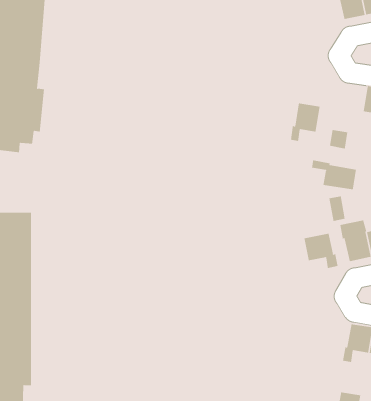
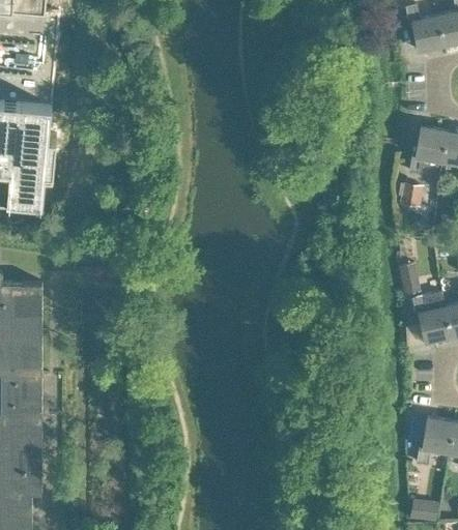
building: [290,103,320,142] -> [409,127,446,174]
building: [311,160,356,190] -> none
building: [304,233,338,269] -> none

